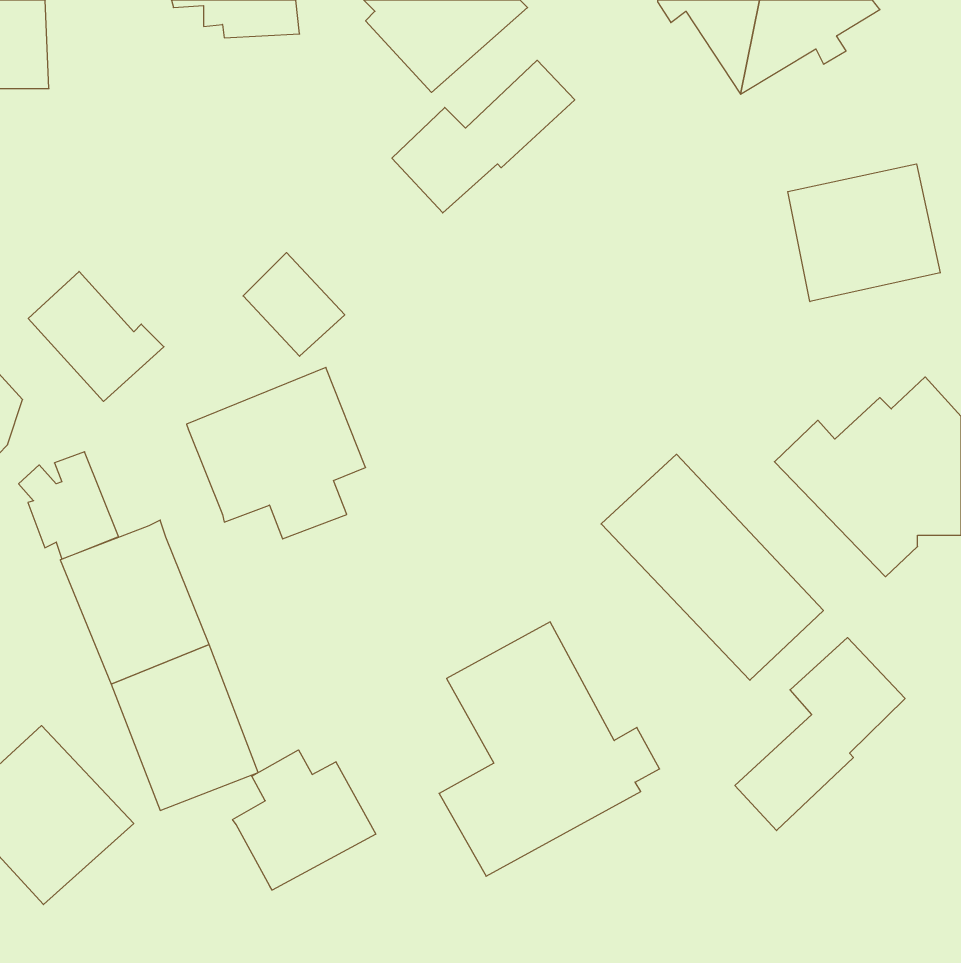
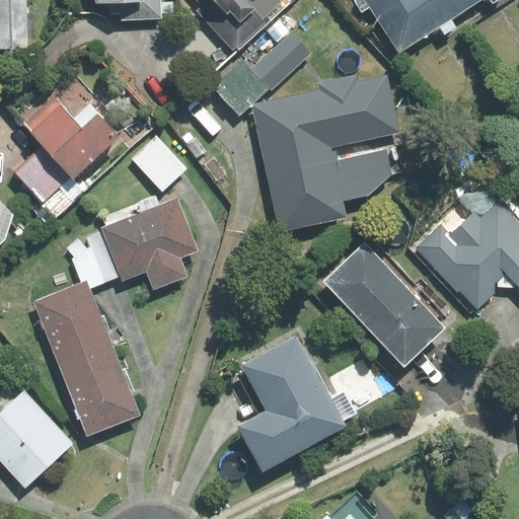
building: none -> [253,76,401,231]
building: [788,164,940,302] -> none
building: none -> [23,96,119,178]
building: [19,452,118,559] -> [66,231,120,289]
building: [735,638,905,831] -> none
building: [233,750,376,890] -> none

